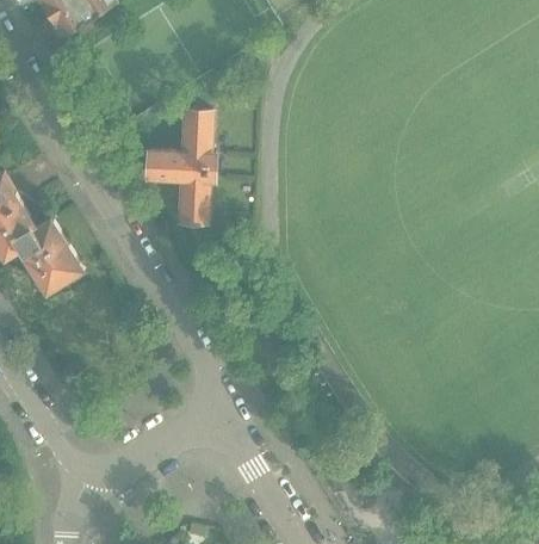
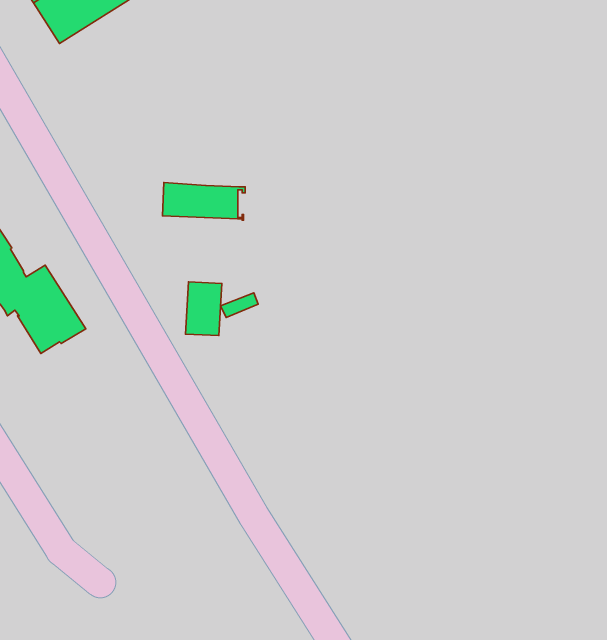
building: [182,111,211,155] -> none
building: [179,180,209,224] -> [186,282,222,336]

